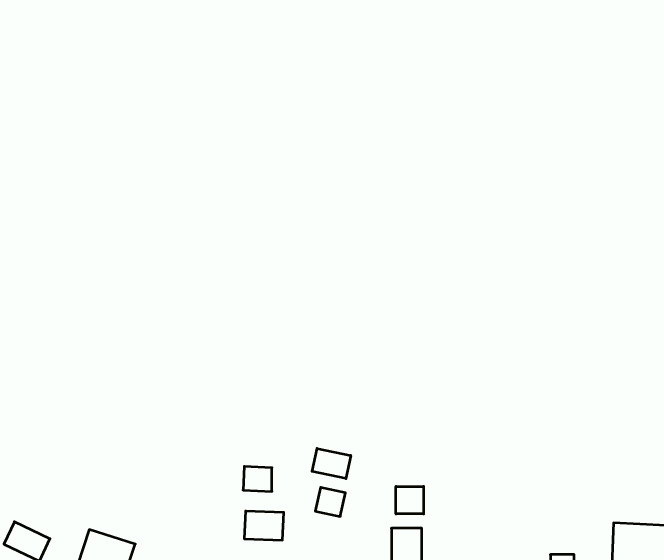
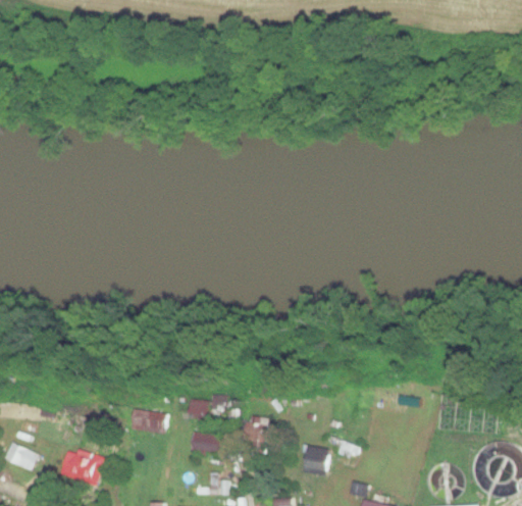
building: [312,448,351,479] -> none
building: none -> [130,409,165,432]
building: [396,486,424,514] -> none

